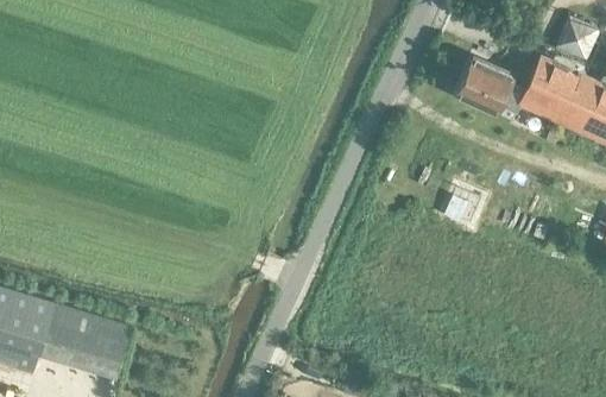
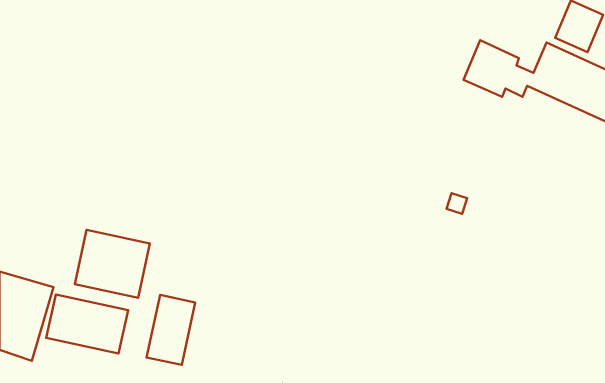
building: none -> [75,230,150,298]
building: none -> [146,295,195,365]

